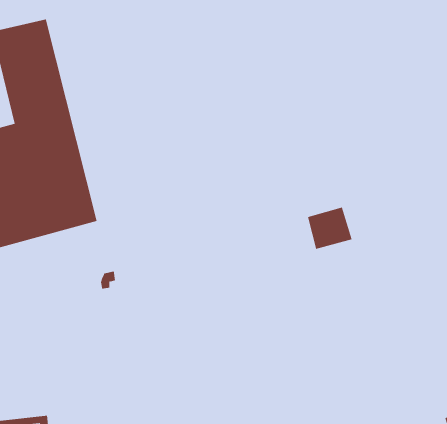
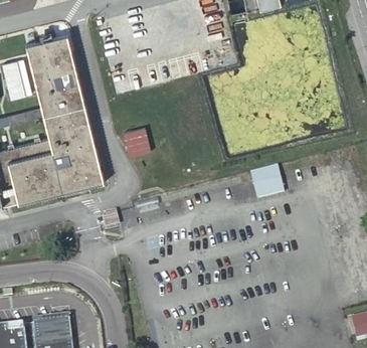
building: none -> [125,129,151,157]

